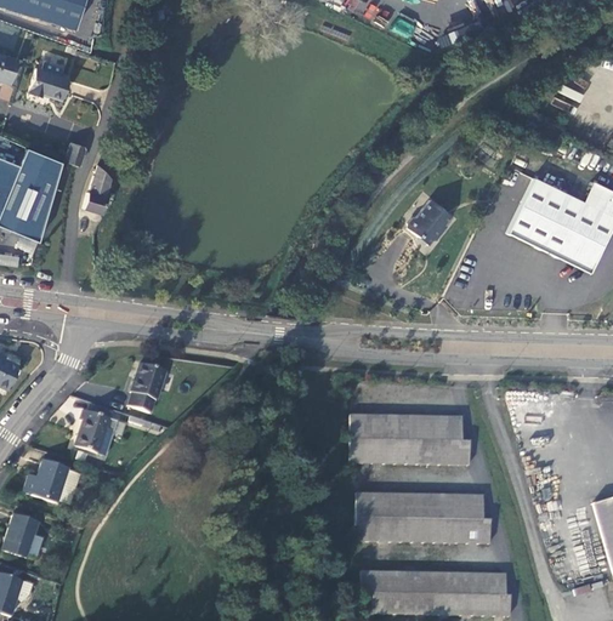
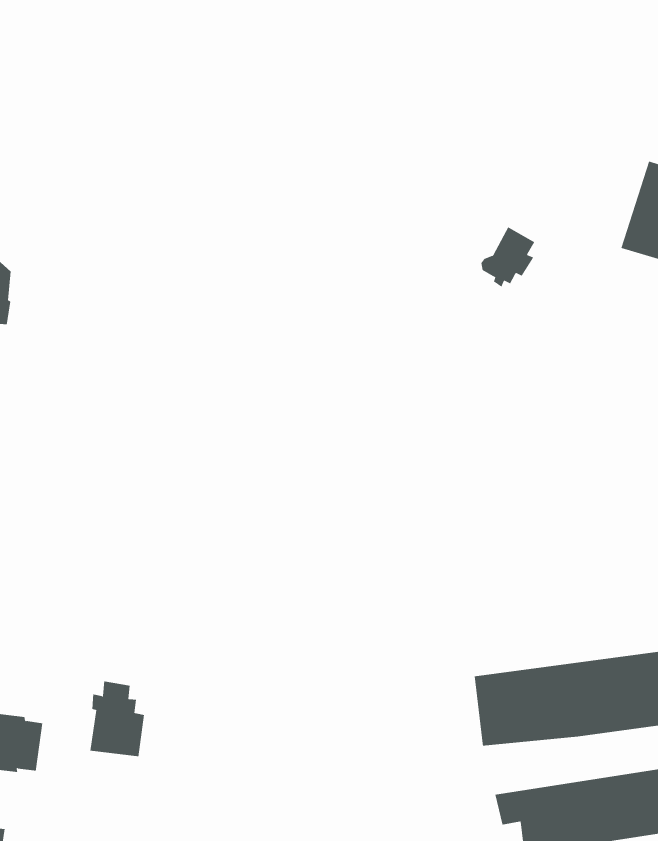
building: [130,361,168,411] -> none
building: [74,401,114,455] -> [89,681,145,757]
building: [350,412,470,466] -> none

